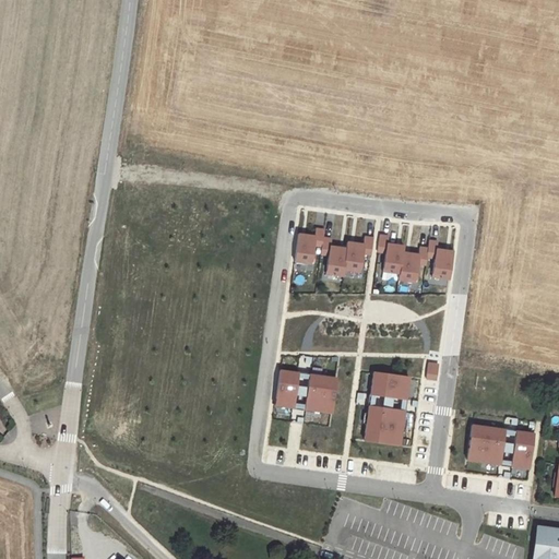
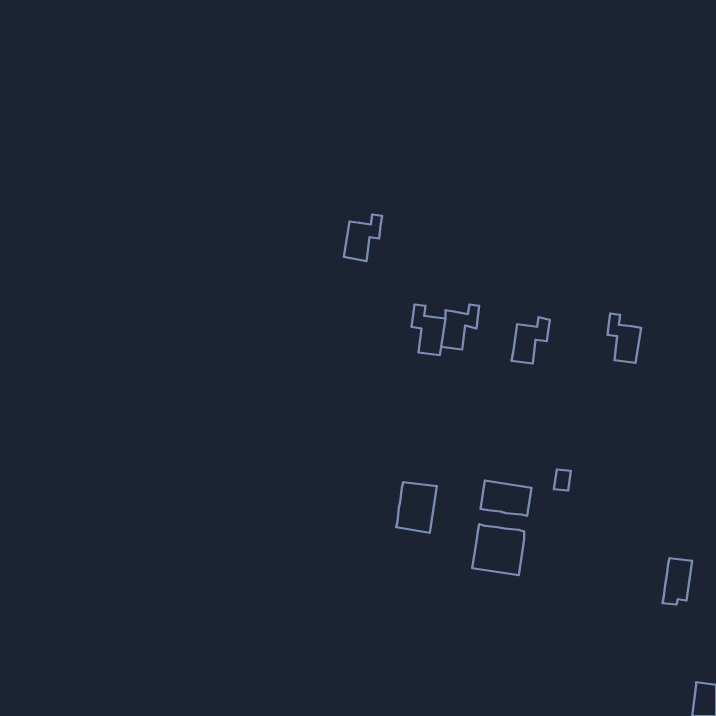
building: [293,227,322,263] -> [344,215,382,261]
building: [376,234,402,273] -> none
building: [425,240,451,278] -> [607,314,641,363]
building: [277,369,300,406] -> none
building: [468,426,507,465] -> none

